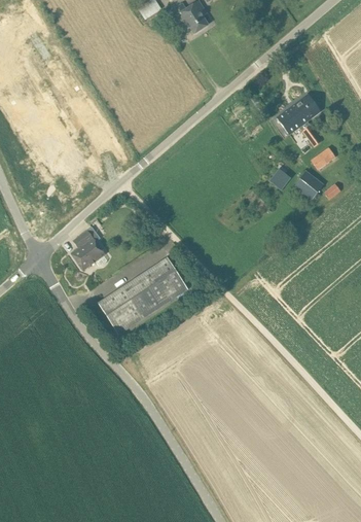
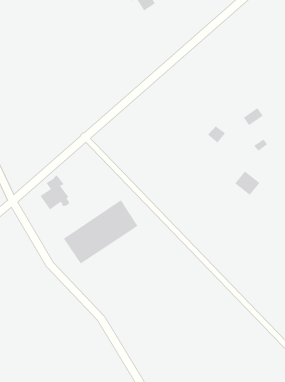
building: [277,94,322,147] -> none
building: [293,171,324,201] -> [234,171,260,196]

